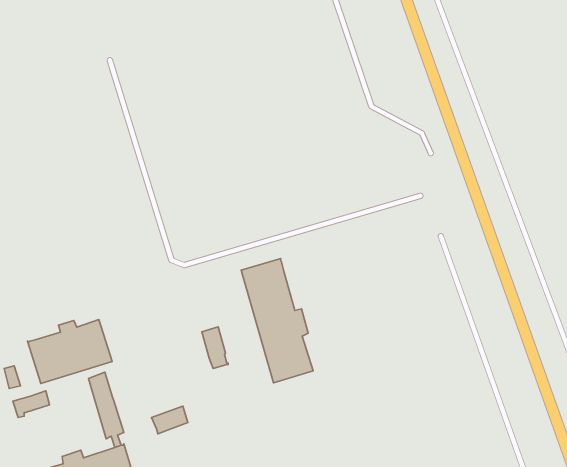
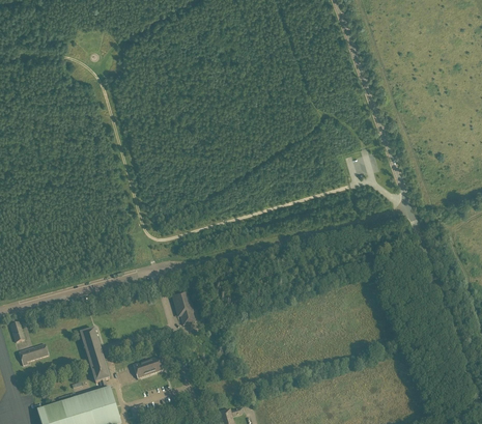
building: [241,258,313,383] -> none
building: [27,319,112,384] -> none

